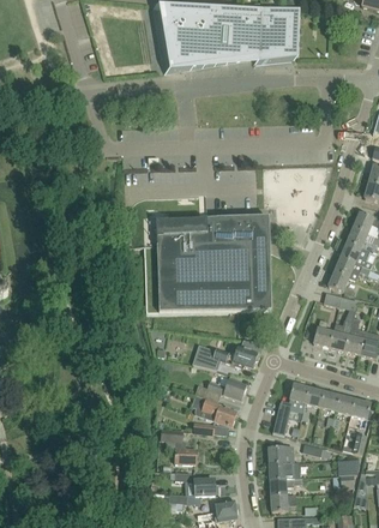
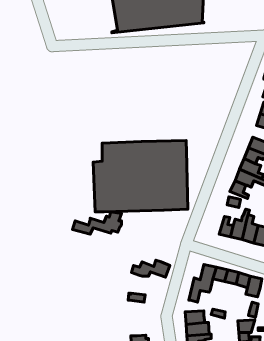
building: [192,338,258,368] -> [72,212,122,234]
building: [193,394,237,426] -> none
building: [161,427,197,463] -> none

